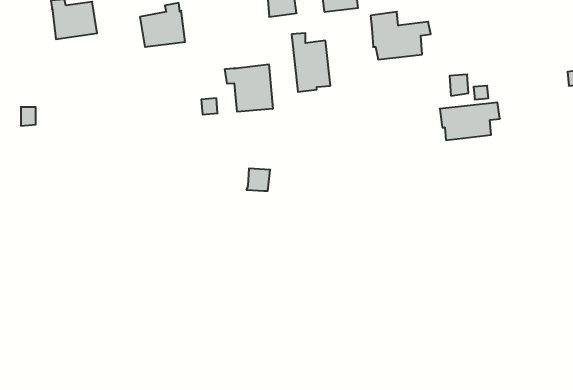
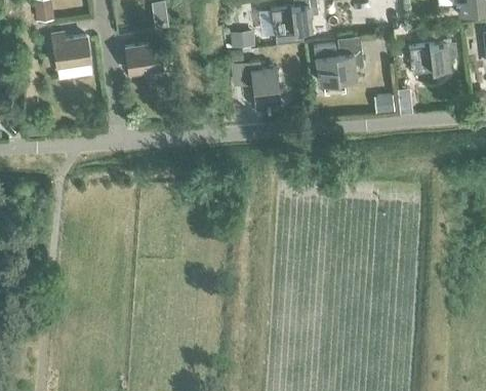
building: [225,64,273,112] -> none
building: [440,102,500,140] -> [408,42,457,73]

